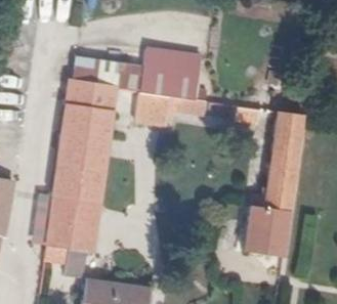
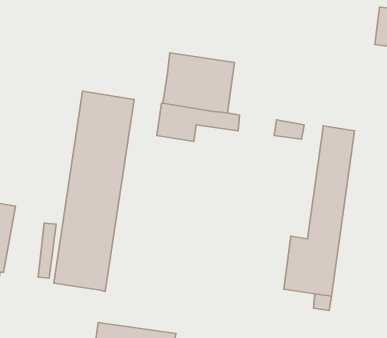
building: [72,55,144,91] -> none
building: [45,245,87,276] -> none

